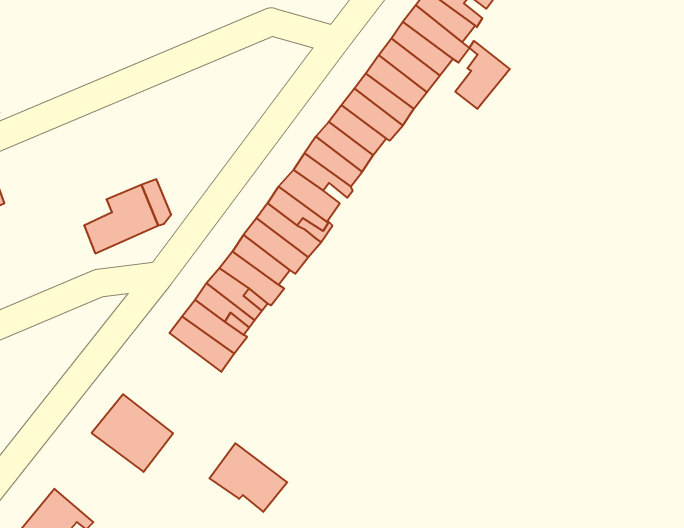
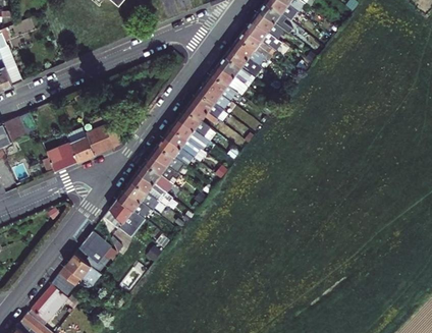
building: [455,41,510,109] -> none
building: none -> [46,144,75,169]
building: none -> [58,258,102,291]
building: [209,443,287,512] -> [102,203,145,240]

